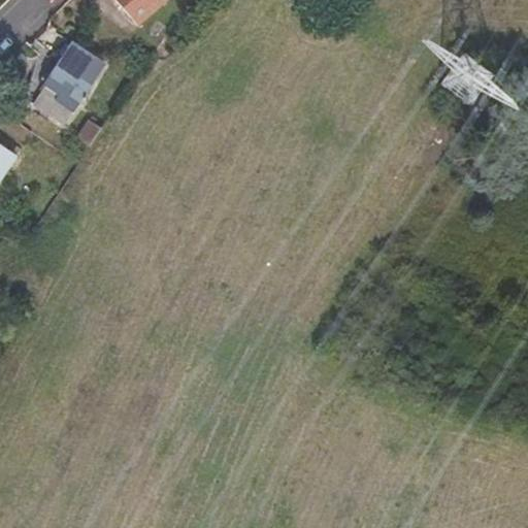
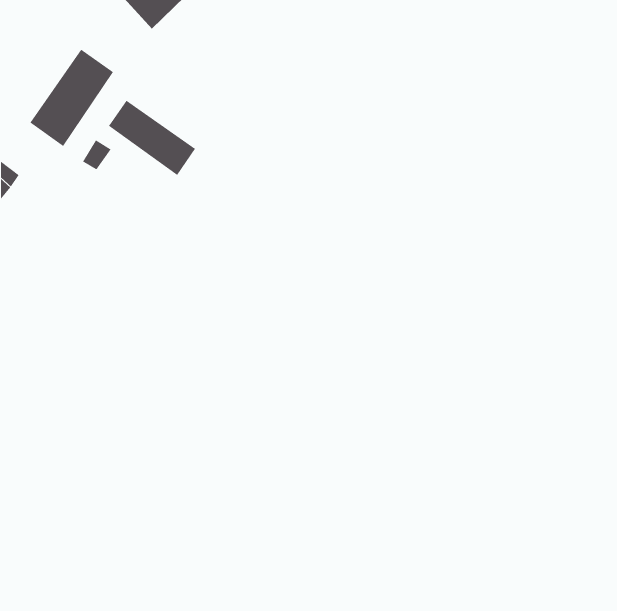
building: none -> [108,100,196,176]

